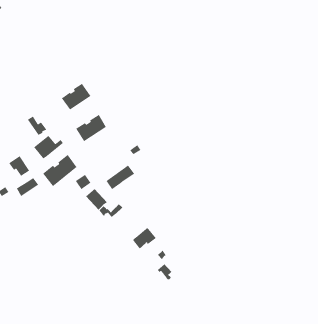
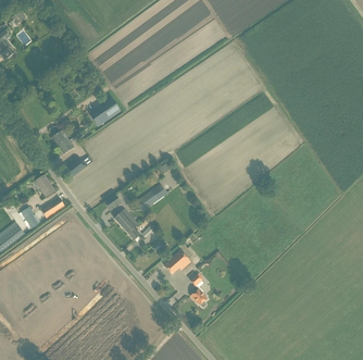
building: [75,114,107,142] -> none
building: [42,154,78,187] -> none

